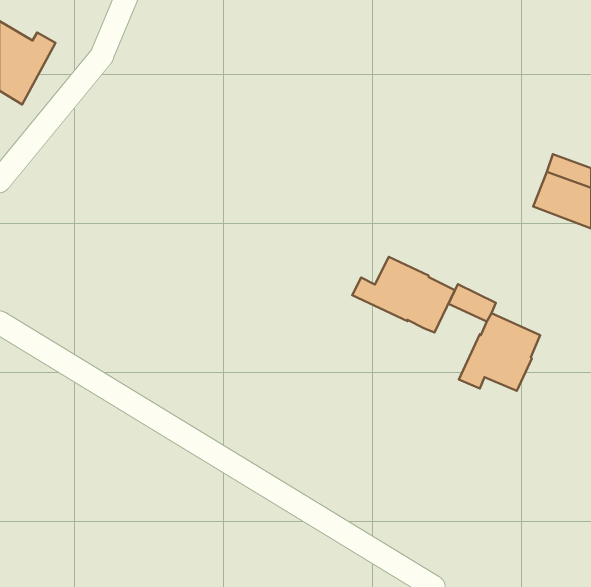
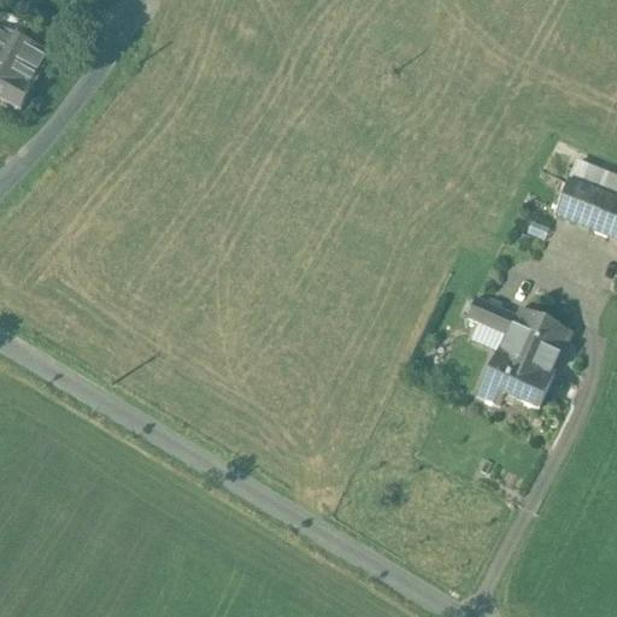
building: [352,257,455,332] -> none
building: none -> [511,306,571,348]

